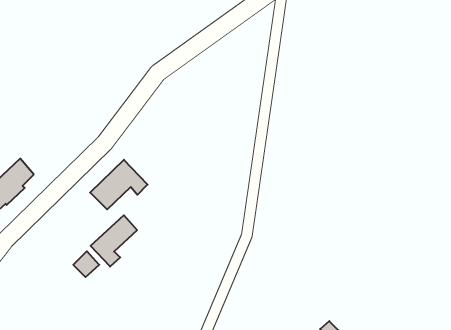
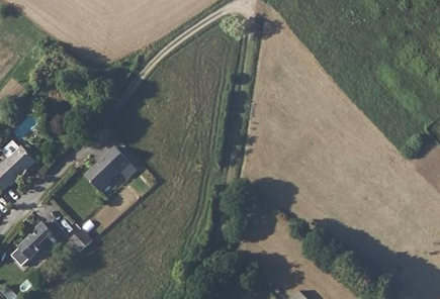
building: [91,215,137,267] -> none
building: none -> [17,221,55,259]

